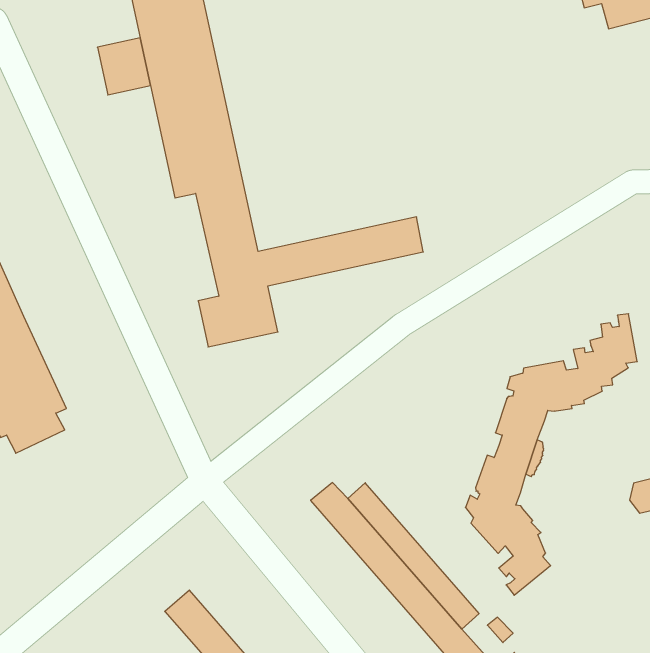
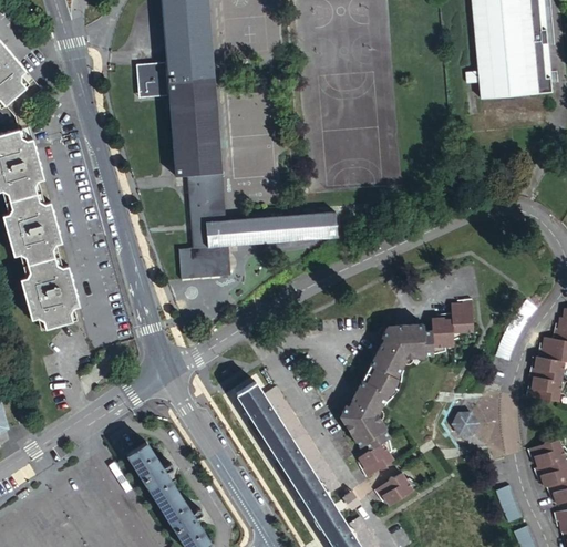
building: none -> [372,473,417,506]

